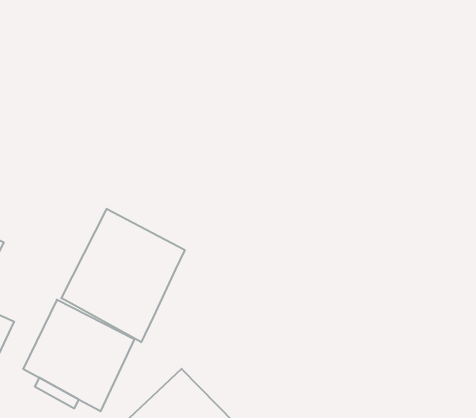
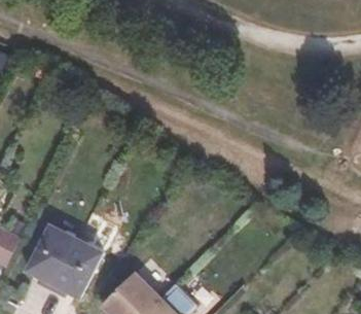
building: [61,209,185,342] -> none

